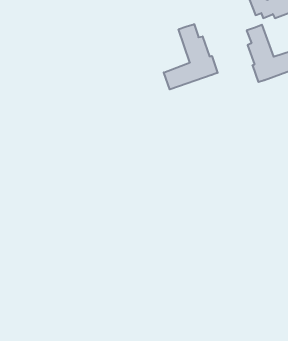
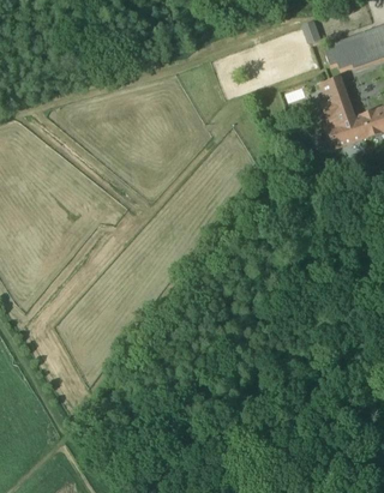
building: [164,24,218,89] -> none

